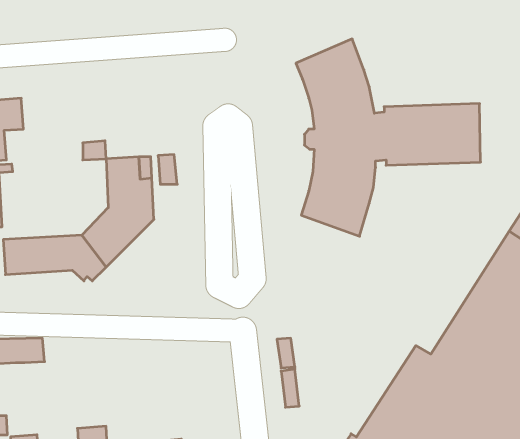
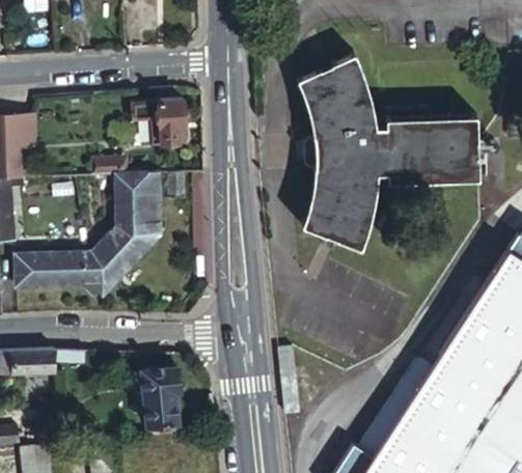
building: none -> [149,99,181,142]
building: none -> [137,364,178,420]

